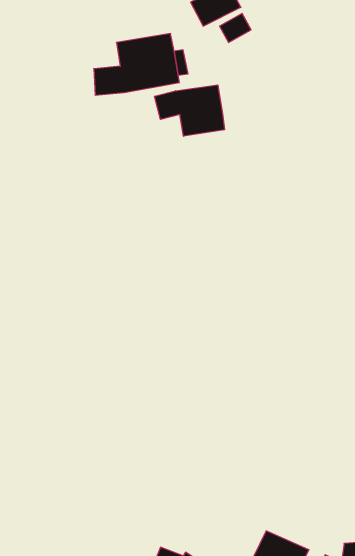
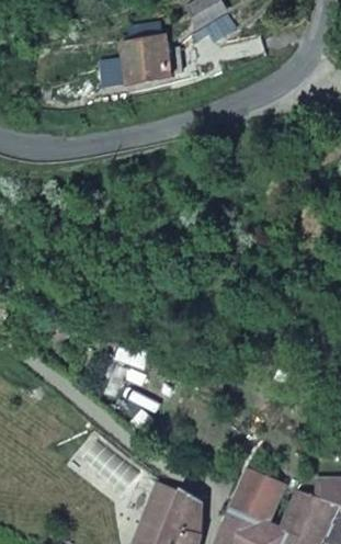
building: [154,85,224,136] -> none

